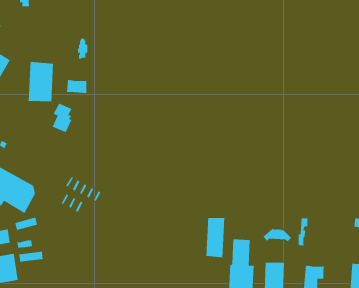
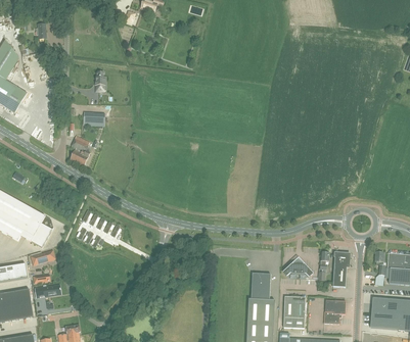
building: [28,61,54,102] -> none
building: [206,217,225,258] -> none
building: none -> [332,252,349,287]

